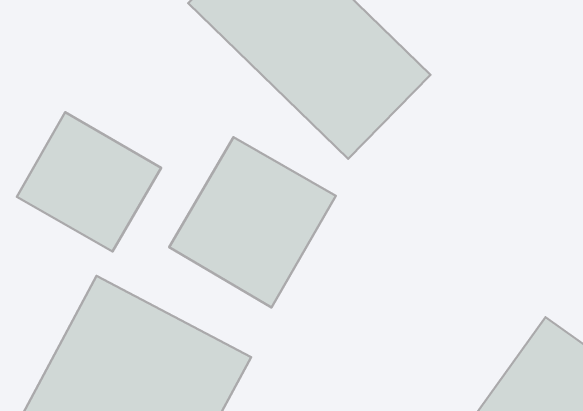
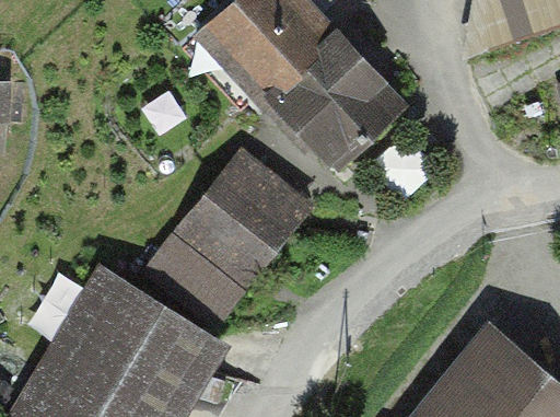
building: [17,112,161,252] -> none

